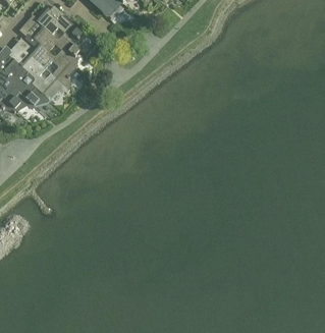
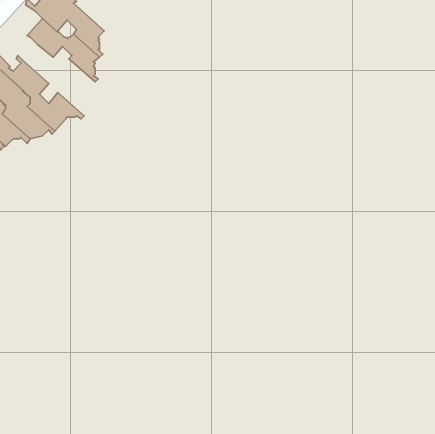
building: [23,33,75,89] -> none

